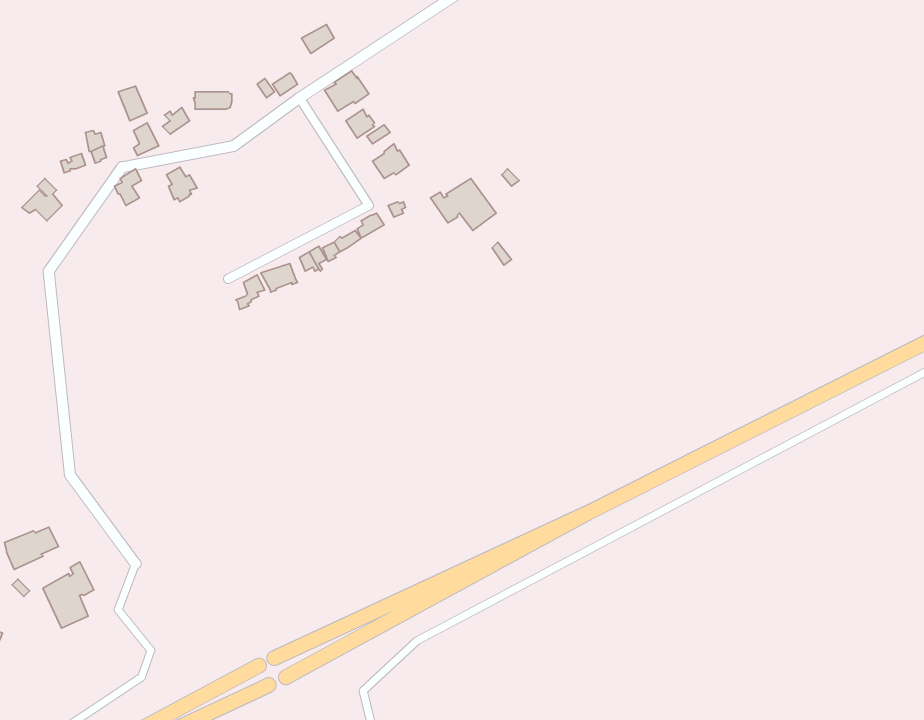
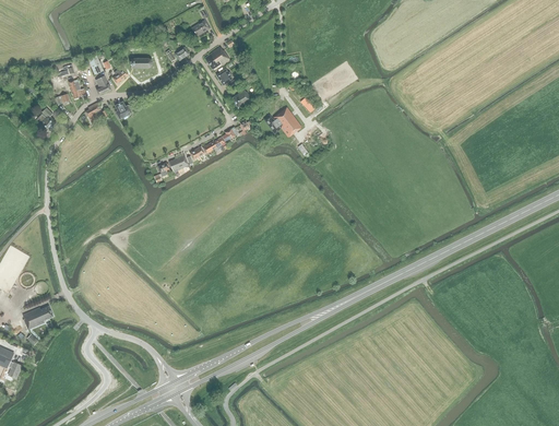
building: [43,562,94,628] -> none

